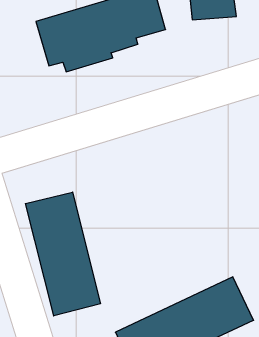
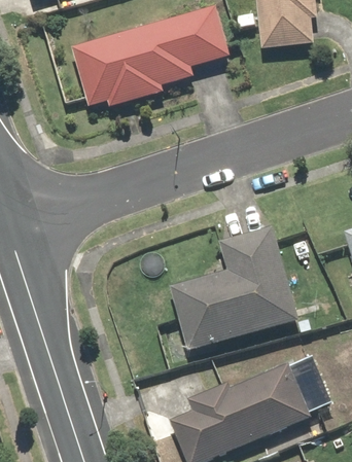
building: none -> [168,226,296,347]
building: [25,192,100,316] -> none

